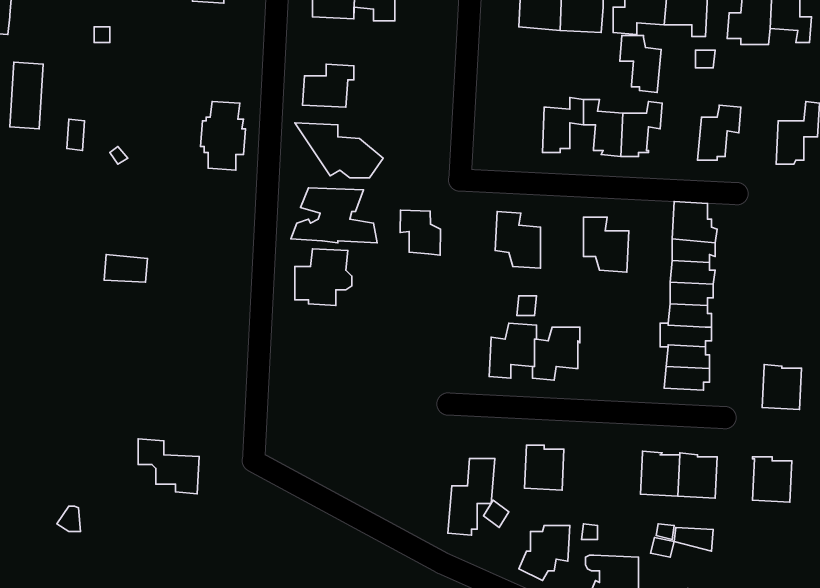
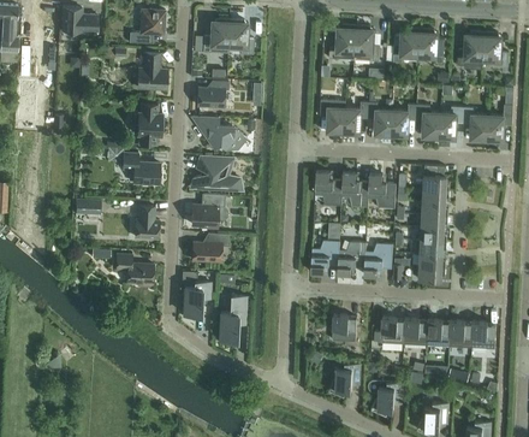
building: none -> [137,53,166,89]
building: [620,36,661,93] -> [415,105,440,140]
building: none -> [319,100,345,135]
building: none -> [463,107,487,142]
building: none -> [107,147,161,185]
building: [400,210,441,255] -> none
building: none -> [341,172,368,207]
building: none -> [133,206,159,238]
building: none -> [191,234,228,261]
building: none -> [363,243,392,276]
building: [762,364,802,410] -> [448,320,472,348]
building: none -> [183,282,209,317]
building: [138,439,199,494] -> [115,254,153,288]
building: none -> [380,317,404,344]
building: [448,458,495,535] -> [218,296,246,343]

